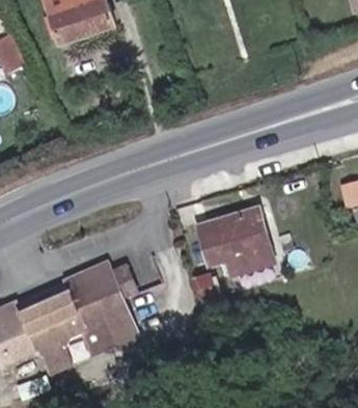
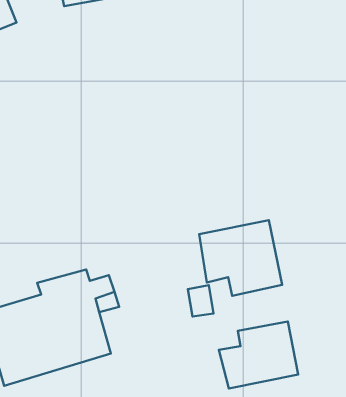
building: none -> [219,322,298,389]

